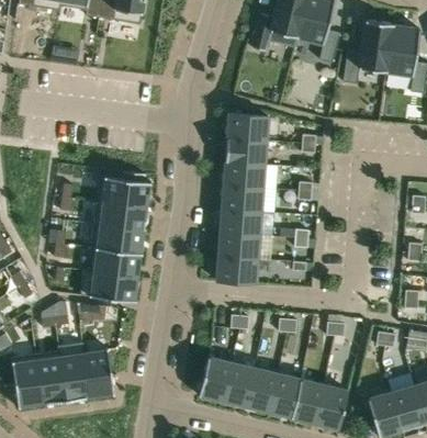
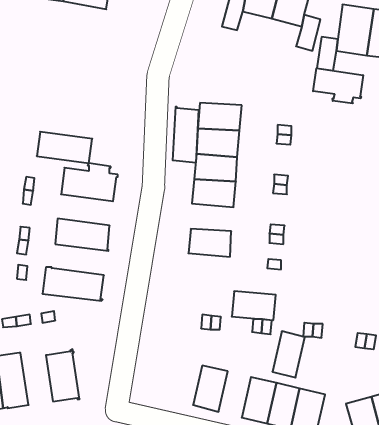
building: none -> [313,68,363,103]
building: none -> [173,107,199,163]
building: [94,201,147,231] -> [37,132,92,163]
building: [221,210,261,236] -> none
building: [89,248,143,278] -> none
building: [216,257,258,284] -> [232,291,276,320]
building: [58,342,90,401] -> none
building: [199,358,232,401] -> none
building: [247,369,278,413] -> [272,331,305,378]

